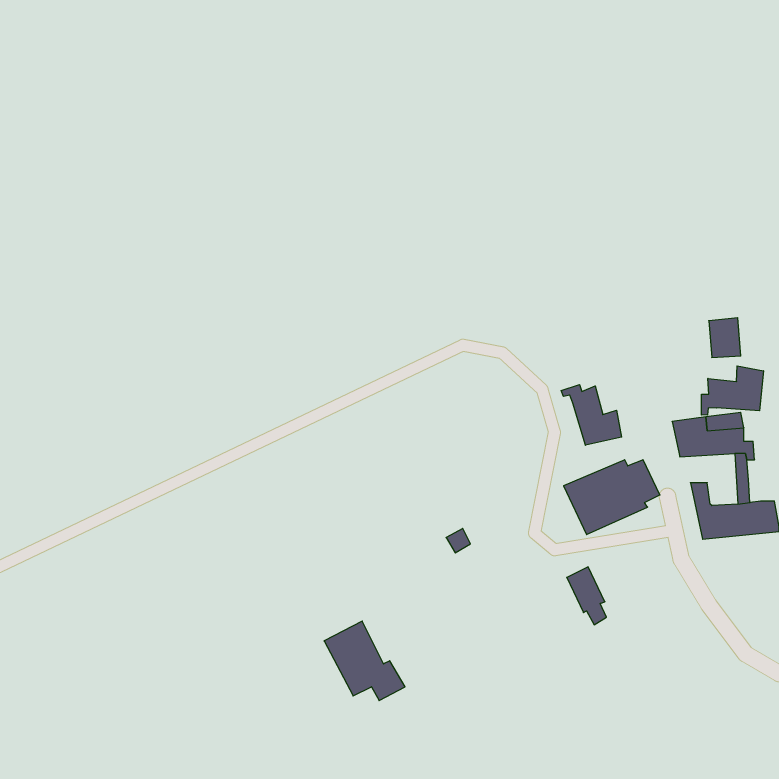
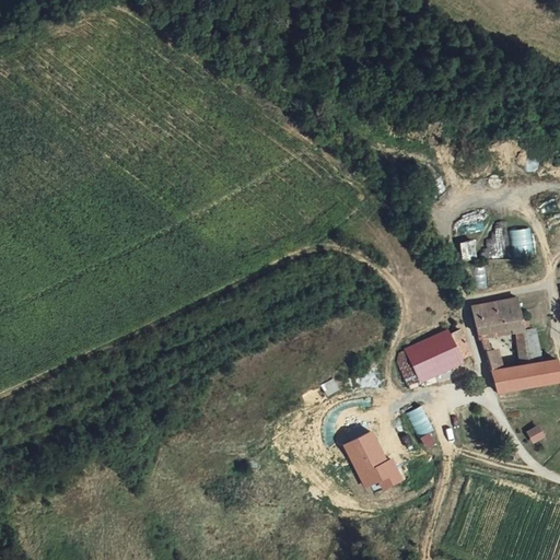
building: [701,366,763,415] -> none
building: [561,385,622,445] -> none
building: [324,621,405,701] -> [343,433,401,490]

